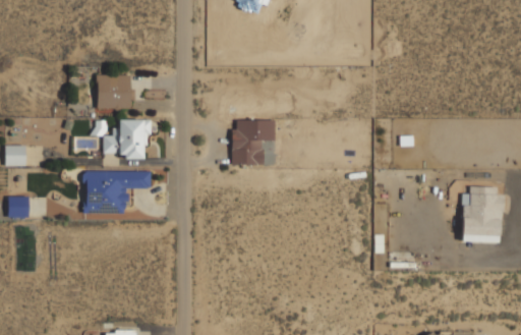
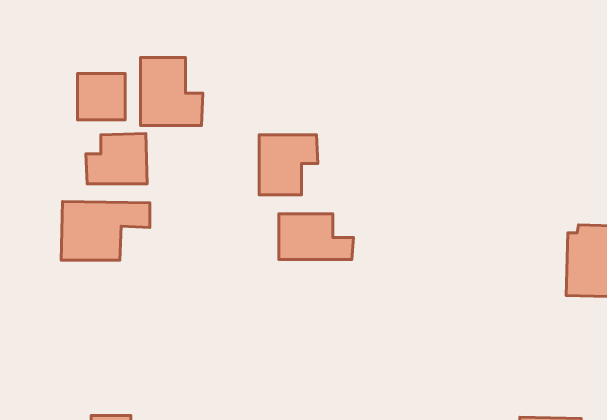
building: none -> [141,58,203,126]
building: none -> [279,214,354,259]

